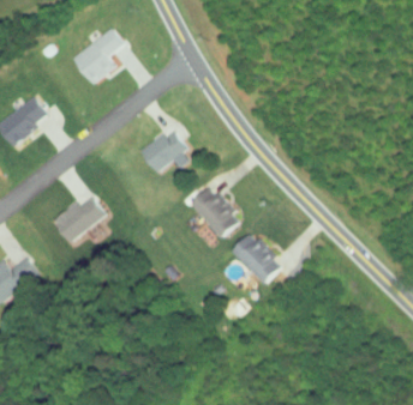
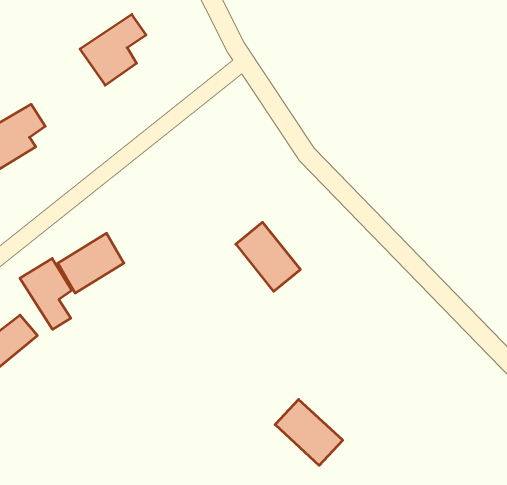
building: [140,128,185,171] -> none
building: none -> [20,258,72,329]
building: [229,234,281,284] -> [275,399,343,465]

